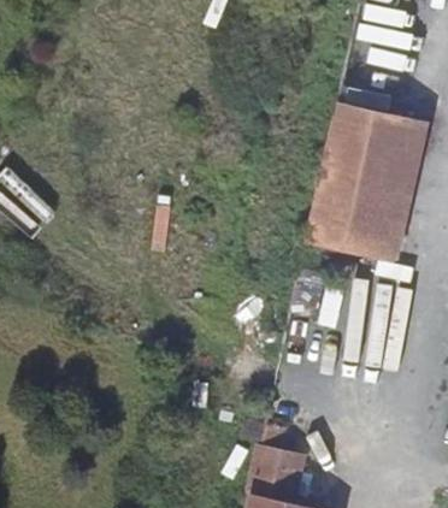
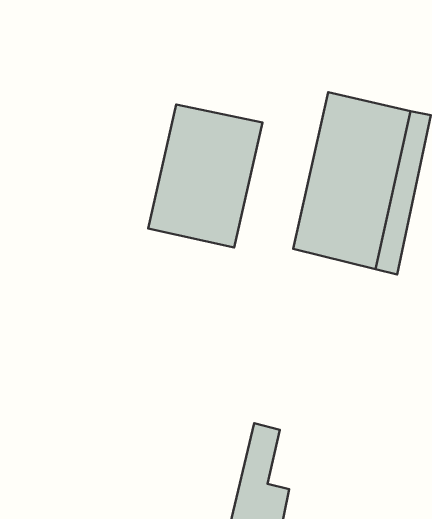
building: none -> [148,105,263,248]

